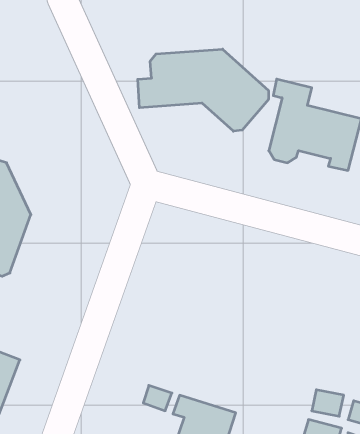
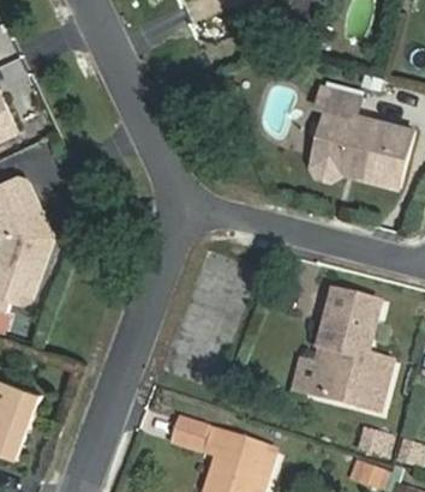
building: [138,49,268,131] -> none
building: none -> [313,293,393,412]

